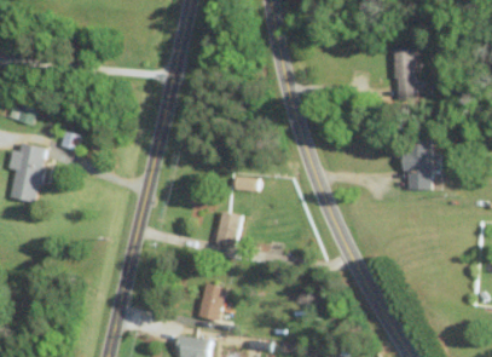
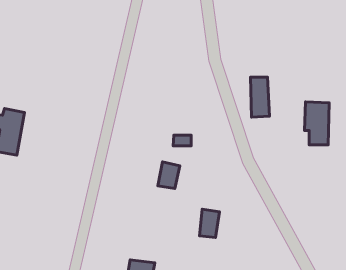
building: [394,48,418,99] -> [250,77,269,117]
building: [199,283,225,319] -> [199,209,219,238]

